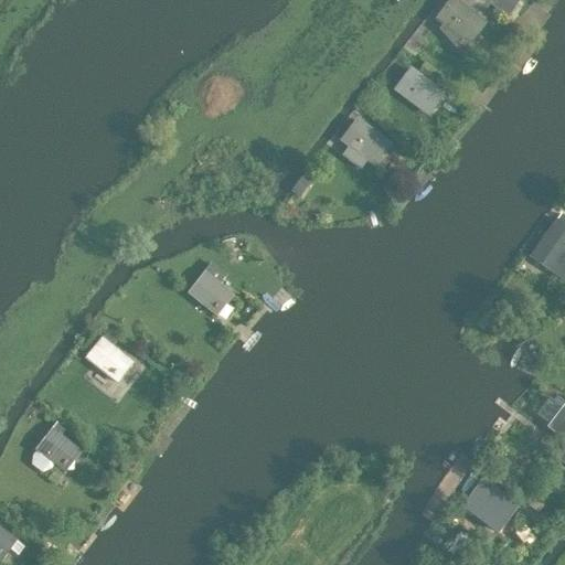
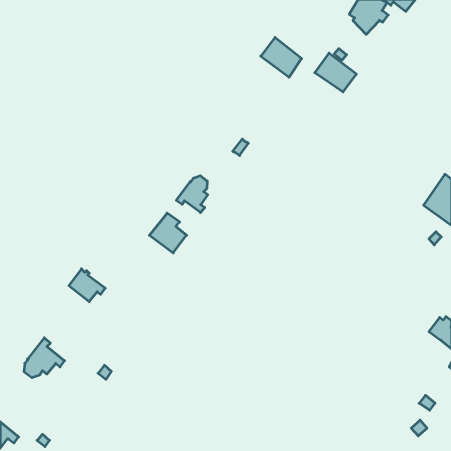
building: [340,117,391,167] -> [261,37,302,77]
building: none -> [176,176,208,213]
building: [472,486,521,520] -> none

